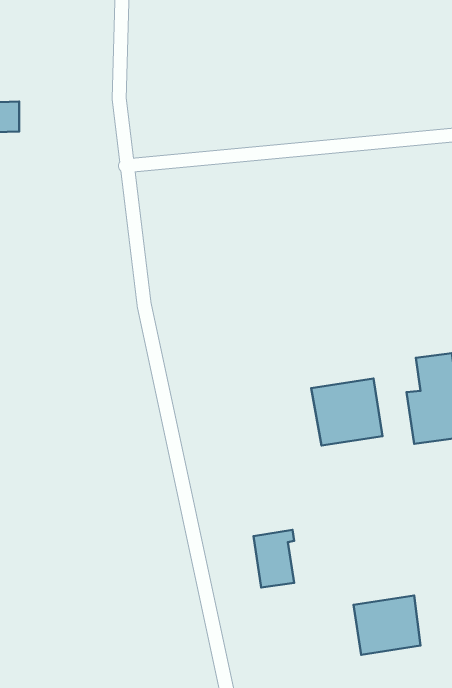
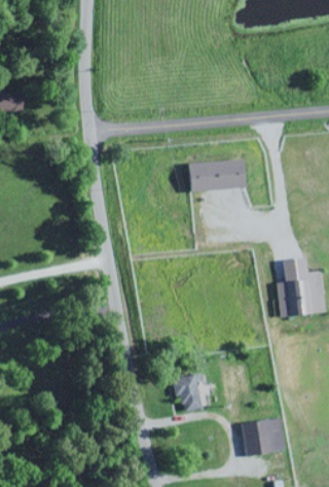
building: none -> [188,160,245,190]
building: [311,378,382,445] -> none

